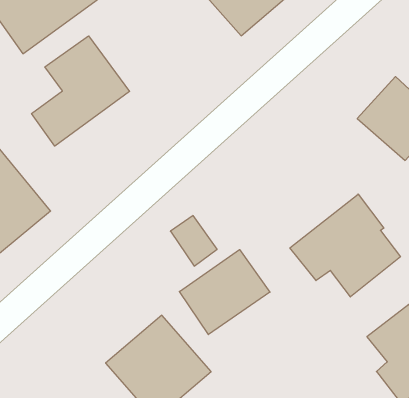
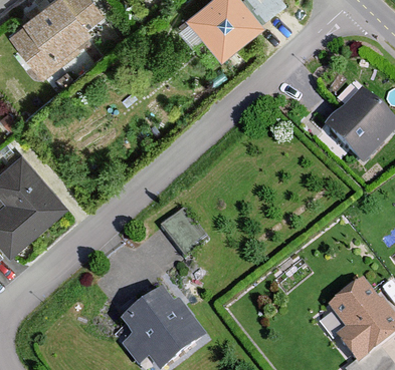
building: [32,36,130,146] -> none
building: [290,194,400,297] -> none
building: [179,250,270,335] -> none

